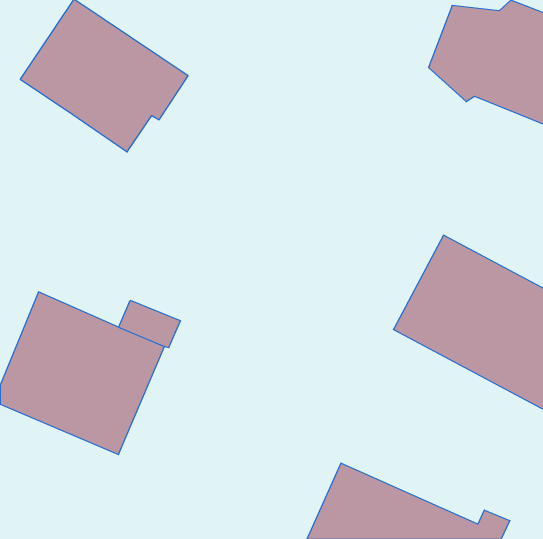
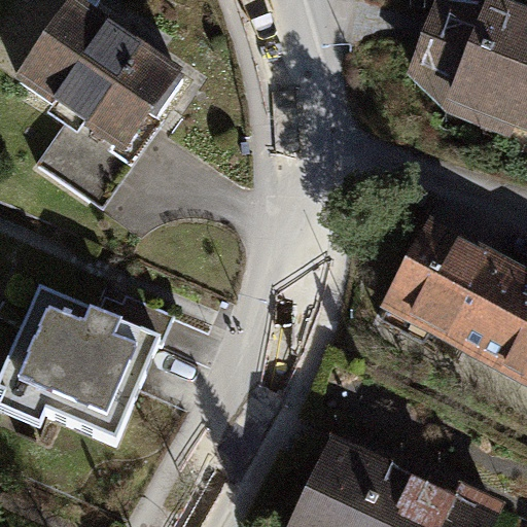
building: none -> [40,110,126,195]

